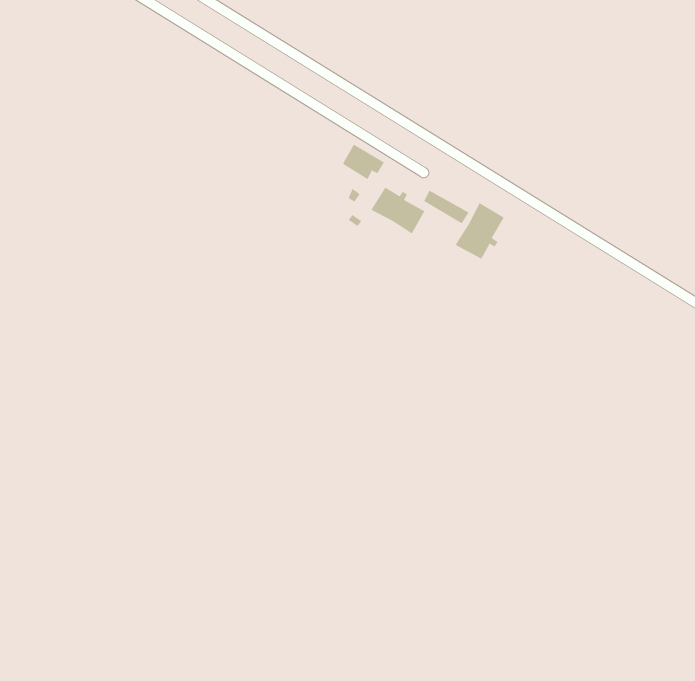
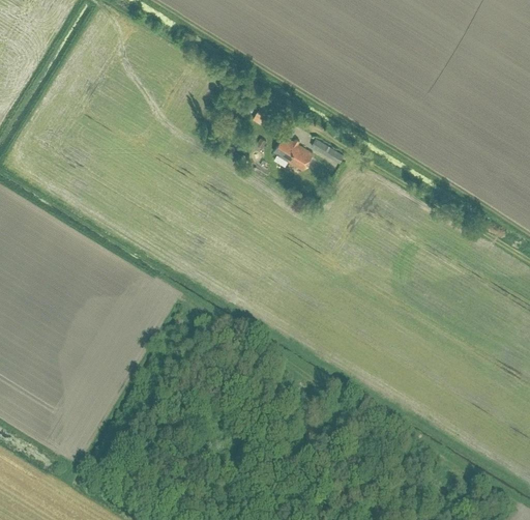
building: [455,202,505,259] -> none

